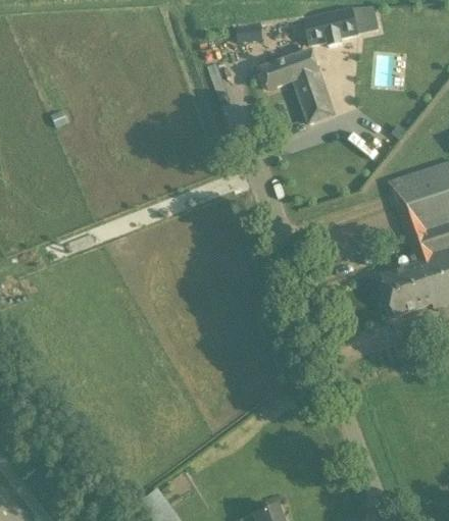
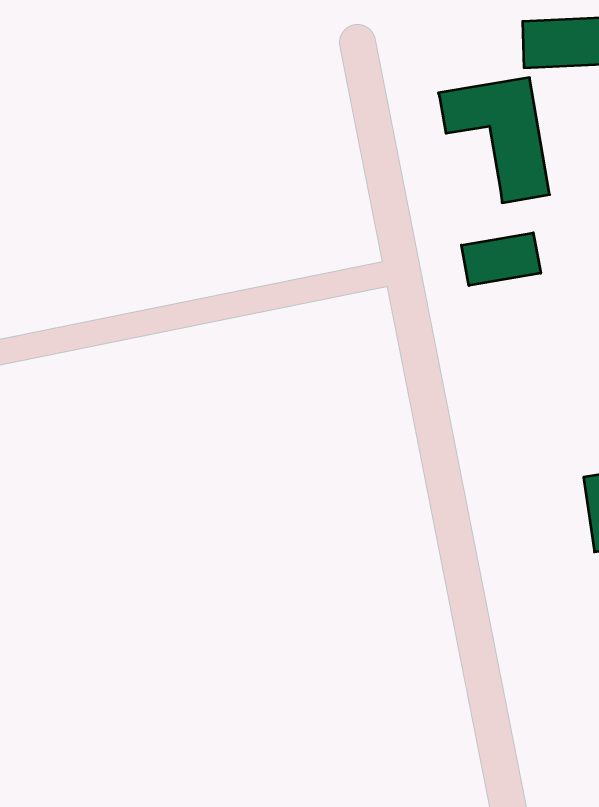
building: none -> [461,233,541,286]

